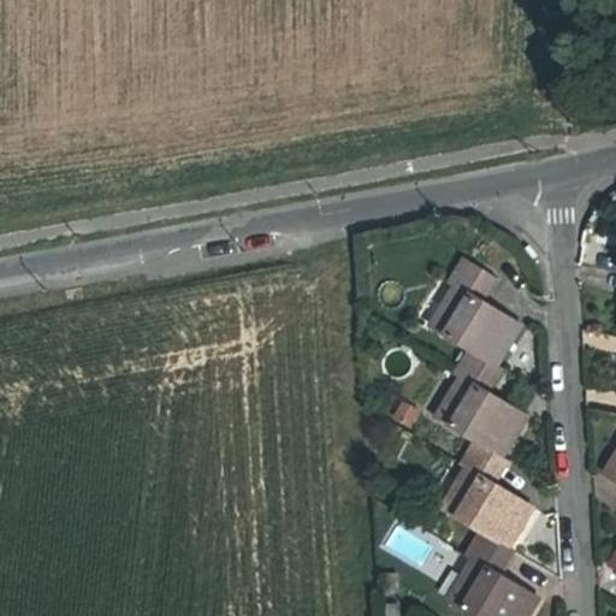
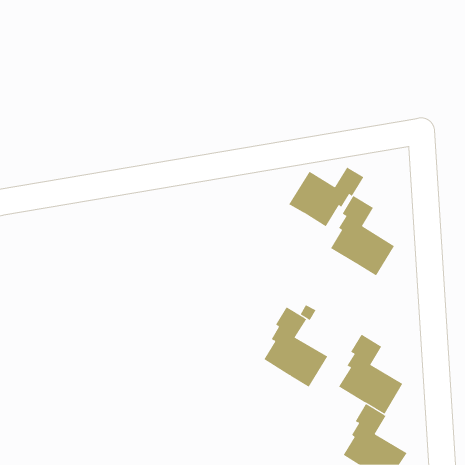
building: none -> [288,166,364,227]
building: [442,349,527,456] -> [263,306,328,388]

